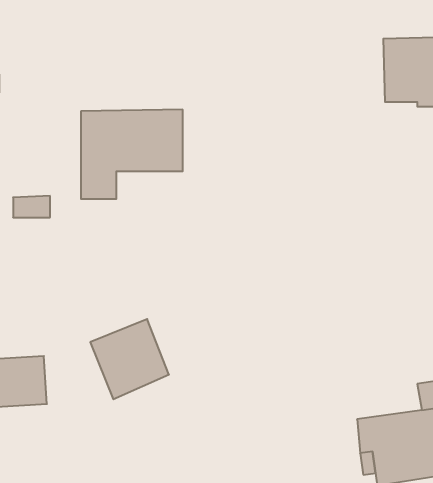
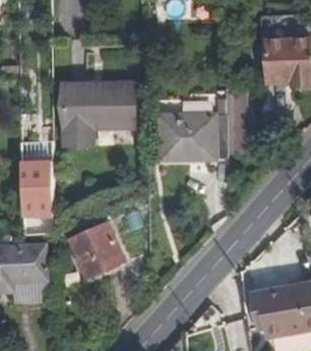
building: none -> [162,114,226,161]
building: none -> [22,167,54,219]

